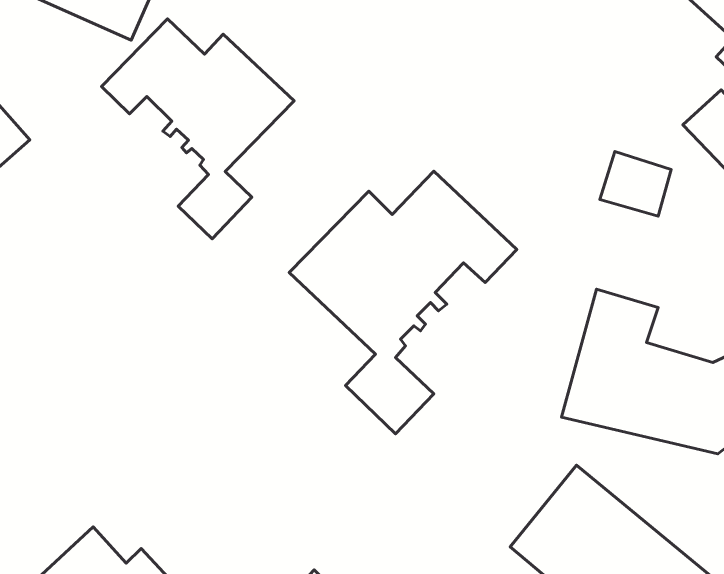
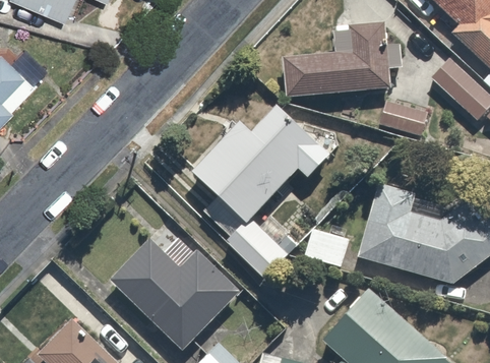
building: [101,19,294,239] -> none
building: none -> [287,26,397,96]
building: none -> [110,227,240,349]

